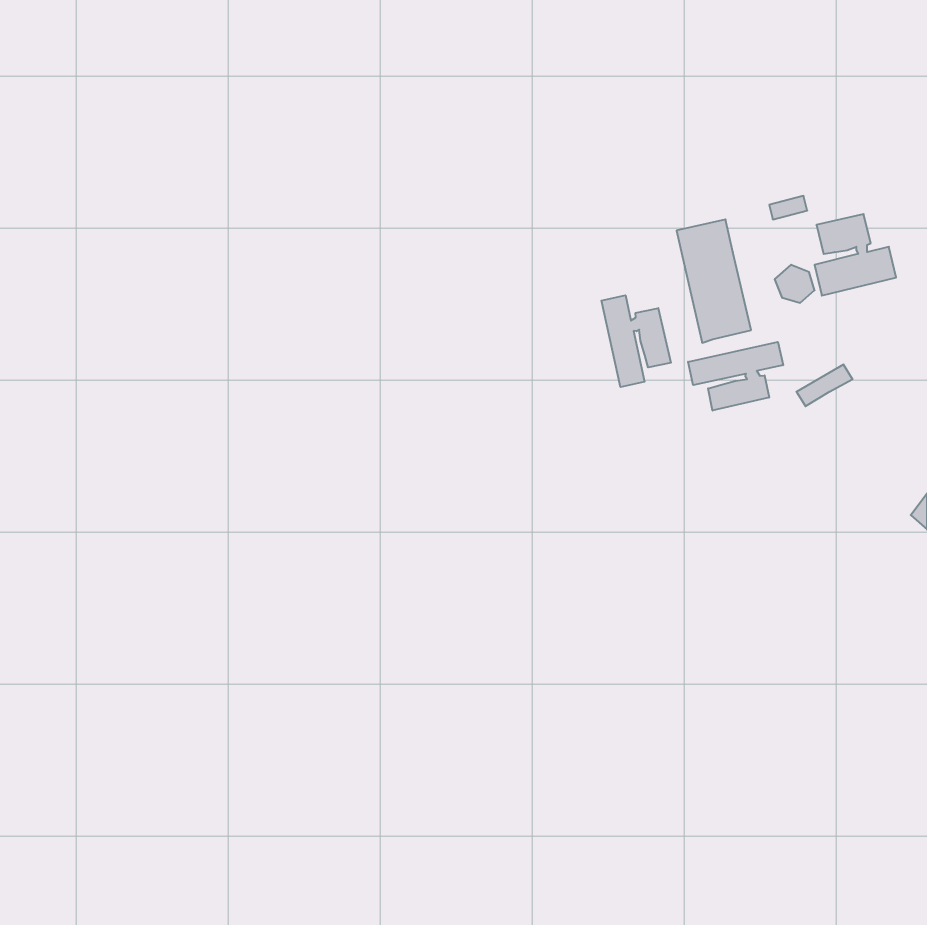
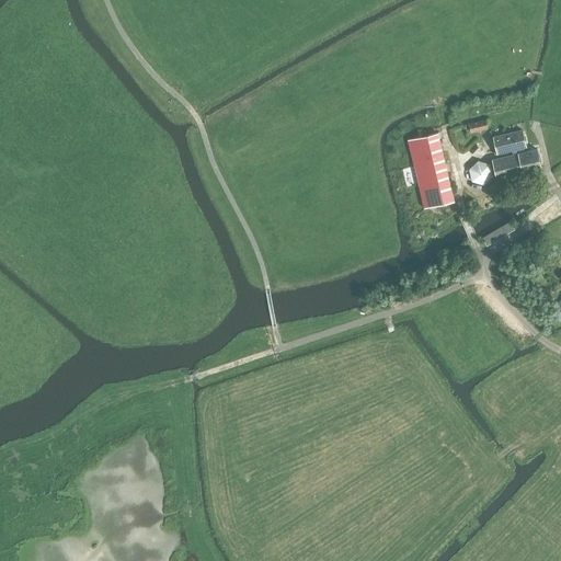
building: [601,295,671,387] -> none
building: [688,342,783,411] -> none

